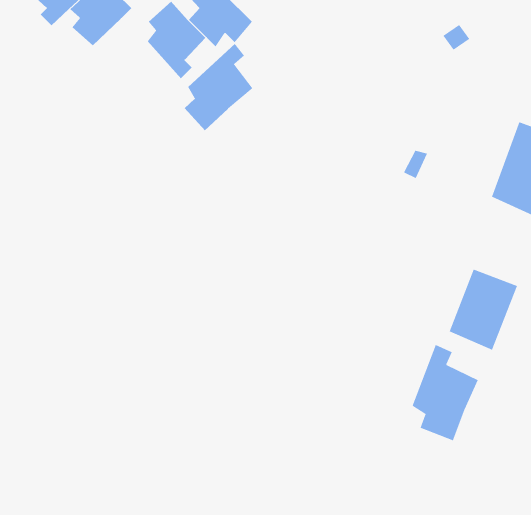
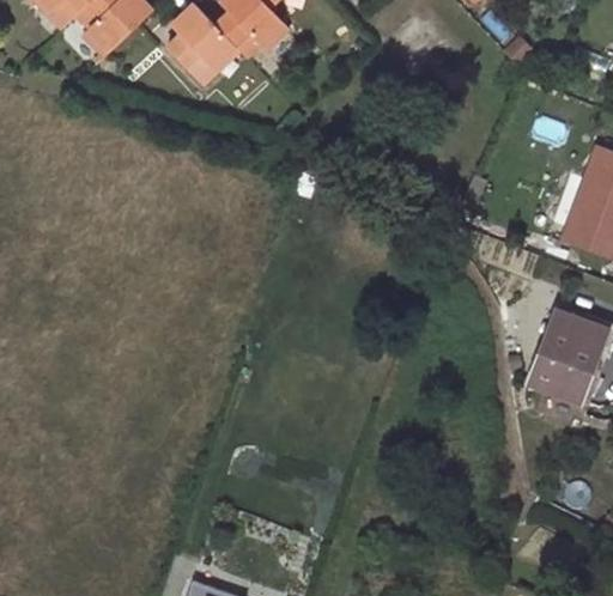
building: [184,43,253,131] -> none
building: [412,344,478,441] -> none

